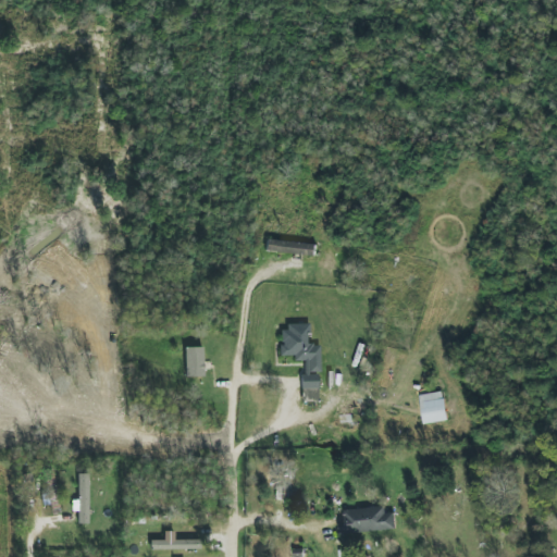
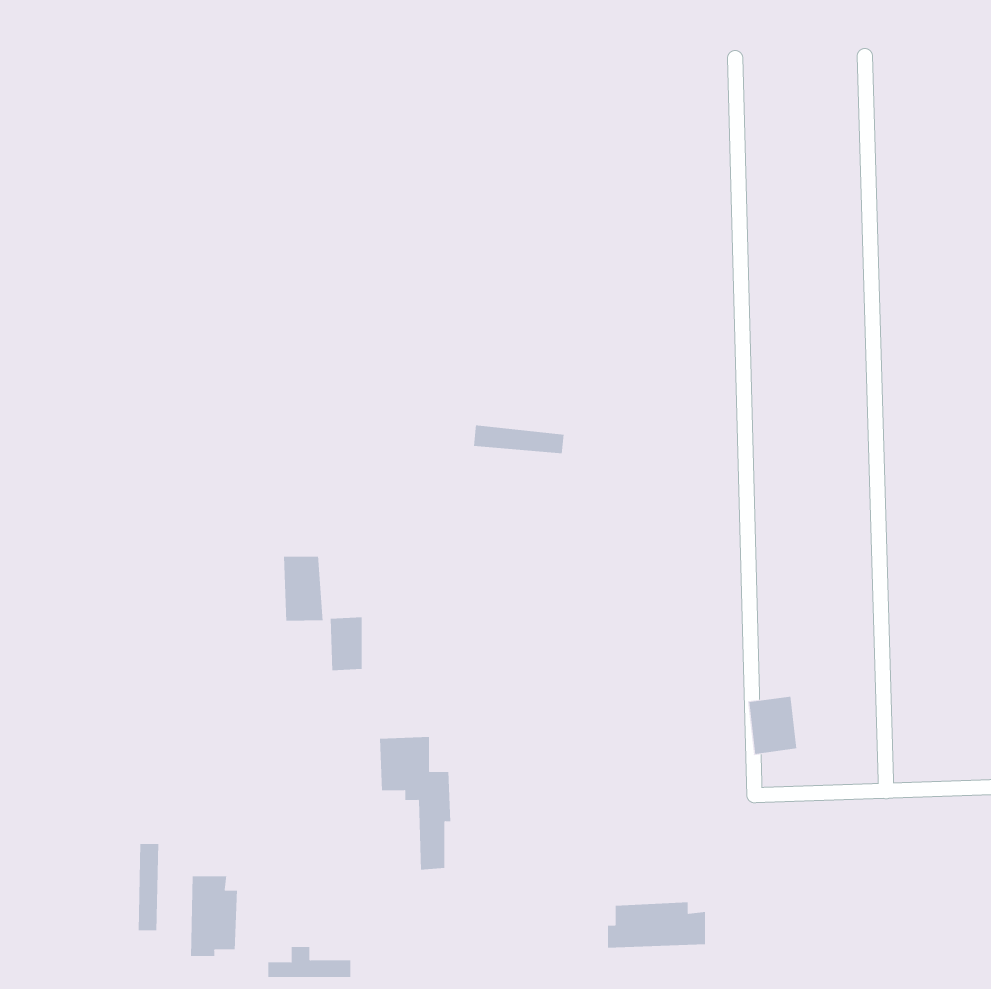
building: none -> [284,556,323,621]
building: [281,324,321,399] -> [379,736,451,870]
building: none -> [190,876,238,957]

